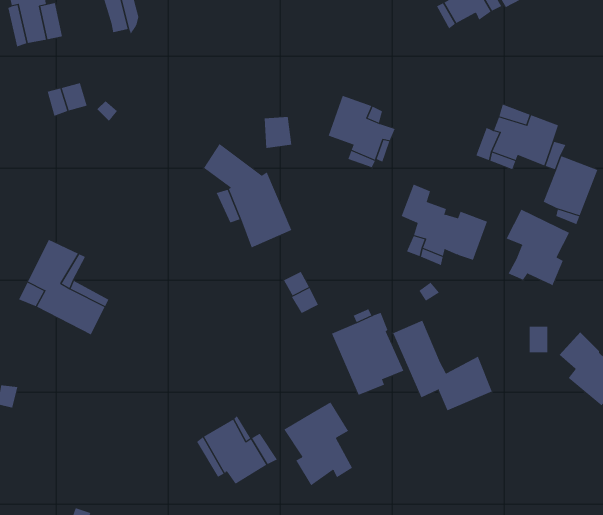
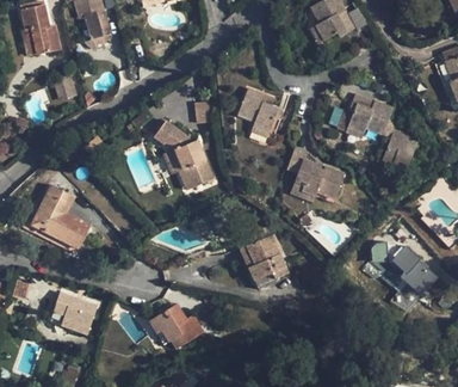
building: [506,209,570,287] -> none
building: [392,320,493,411] -> none
building: none -> [54,291,97,333]
building: [284,402,353,486] -> none

